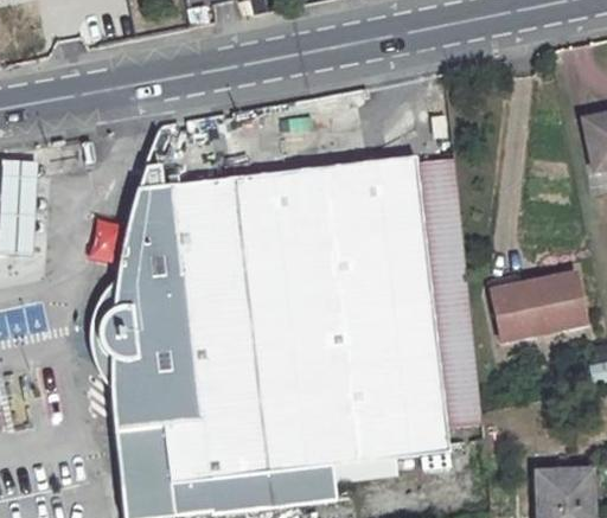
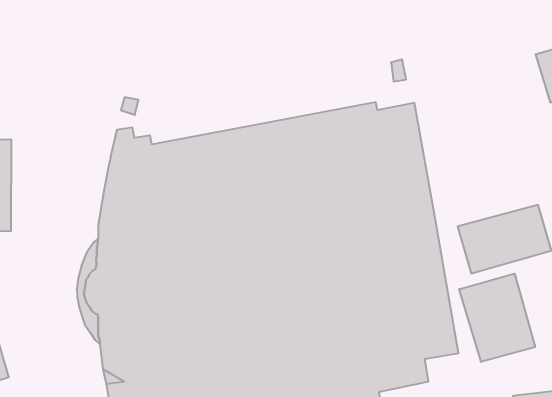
building: none -> [459,274,535,362]

